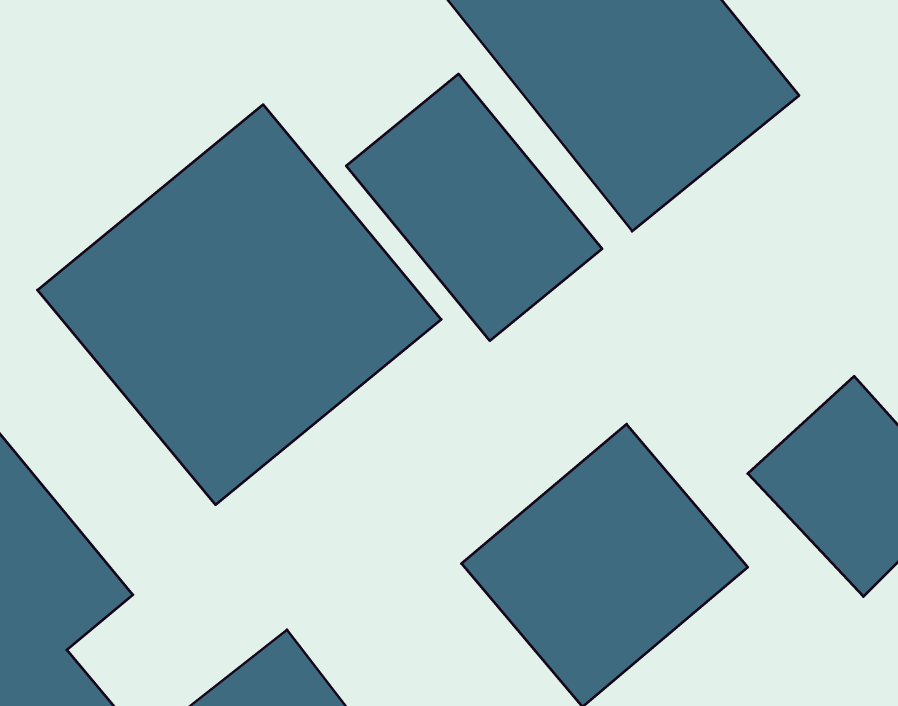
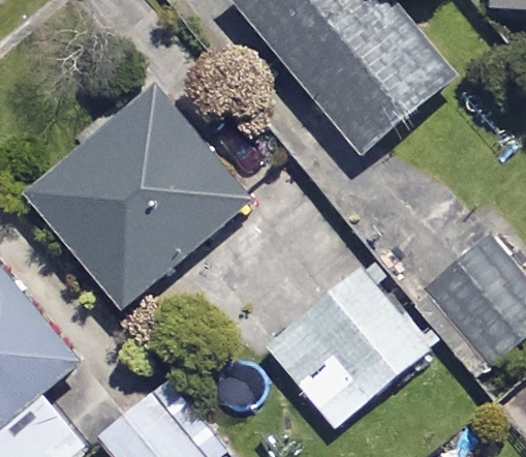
building: [346,74,602,341] -> none

